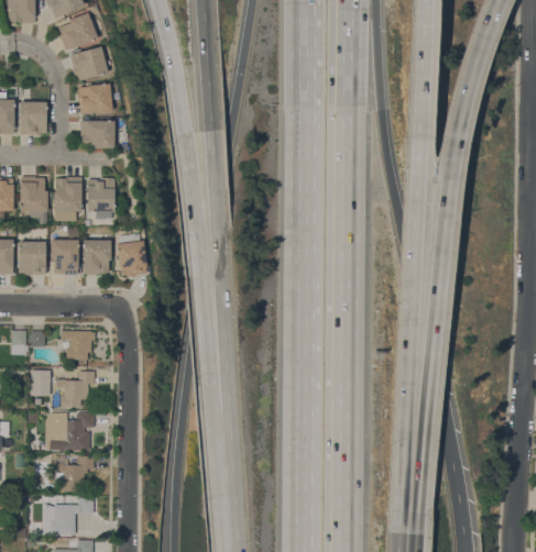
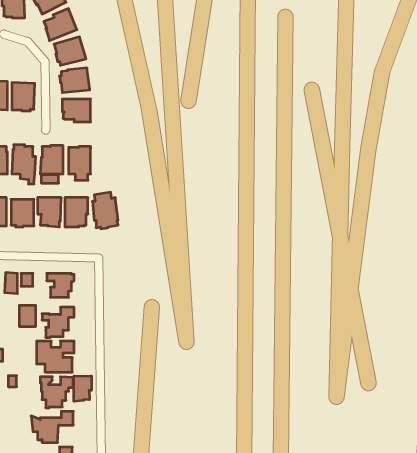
building: none -> [74,376,91,401]

